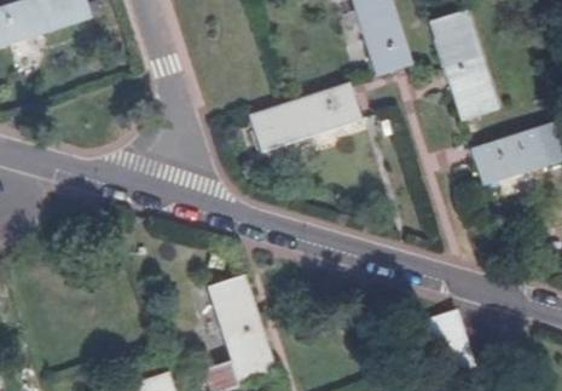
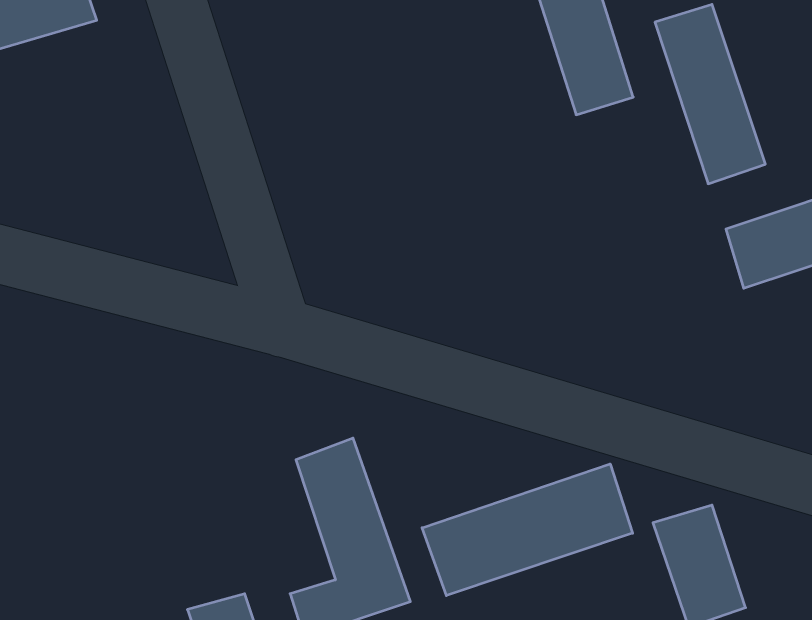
building: [244,84,357,151] -> none
building: none -> [422,464,633,596]

